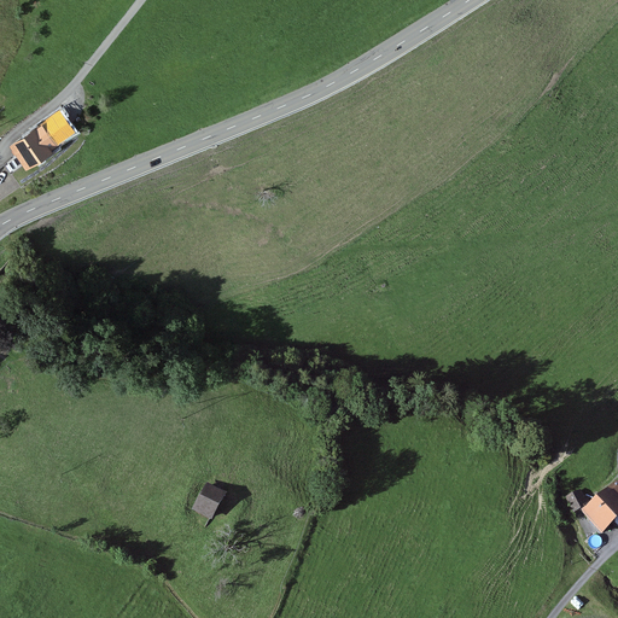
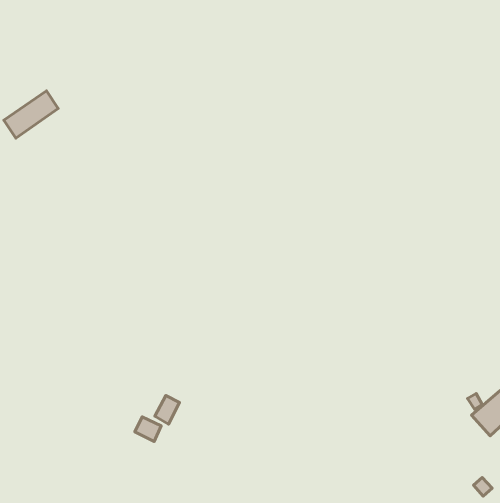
building: none -> [135,417,161,441]

